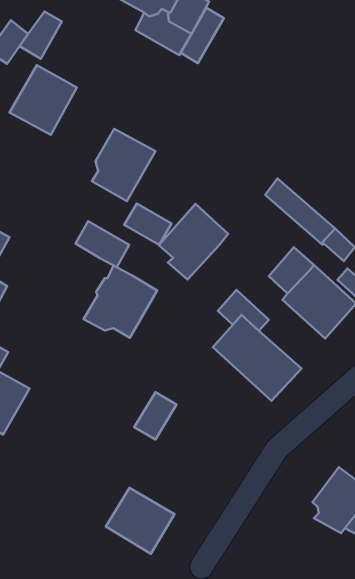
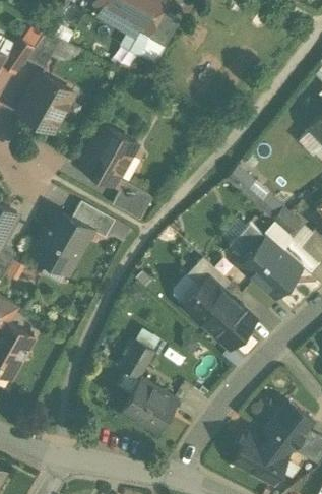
building: [181,8,224,63] -> none
building: [159,204,228,279] -> none
building: [84,266,157,338] -> [33,211,92,270]
building: [106,488,175,554] -> [122,380,178,434]
building: none -> [235,435,288,484]

